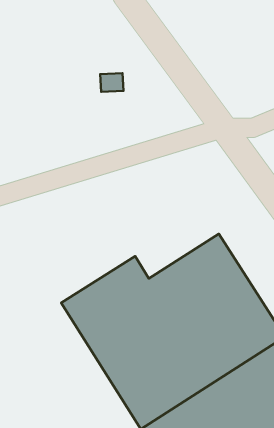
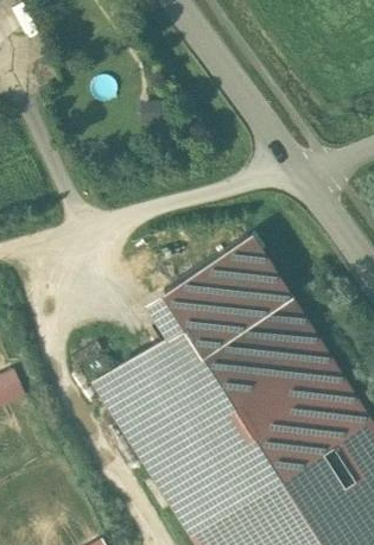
building: none -> [165,237,289,353]

